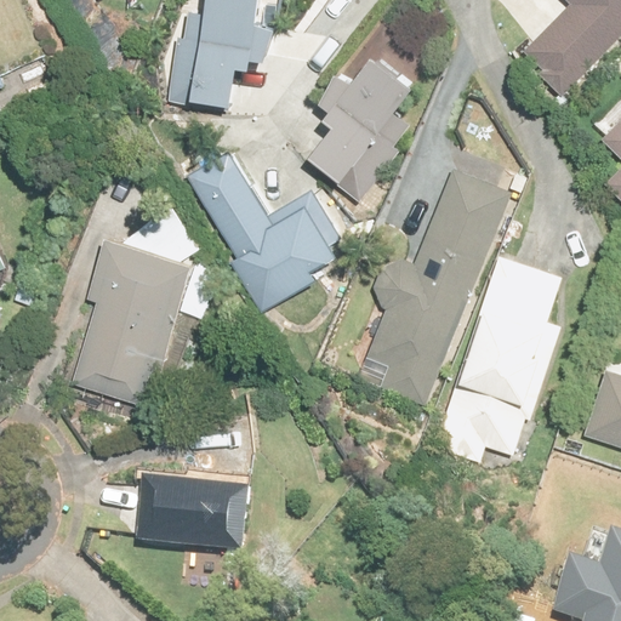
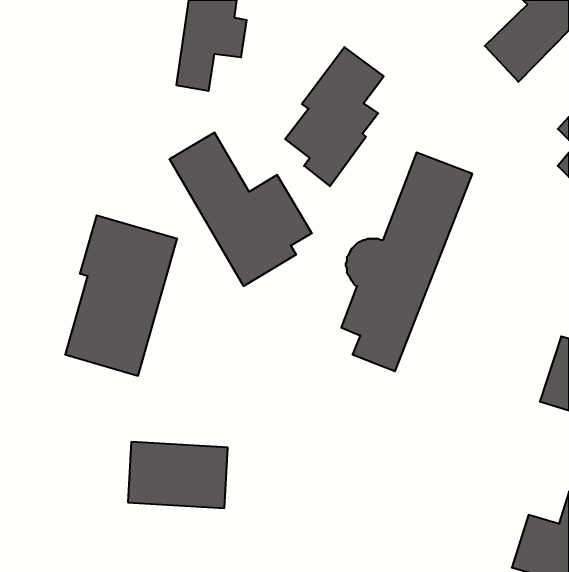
building: [435,257,563,472] -> none

